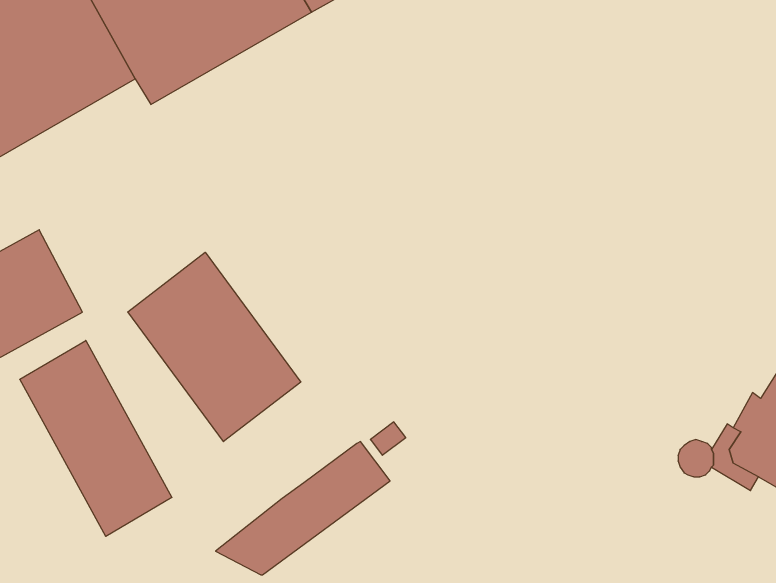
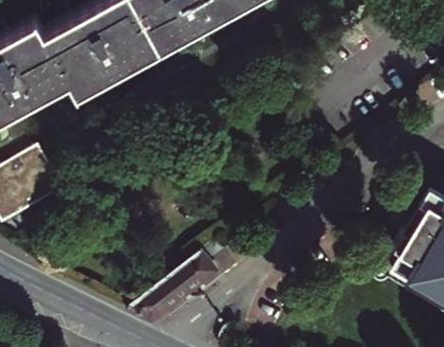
building: [128,252,301,442] -> none
building: [20,340,172,536] -> none

